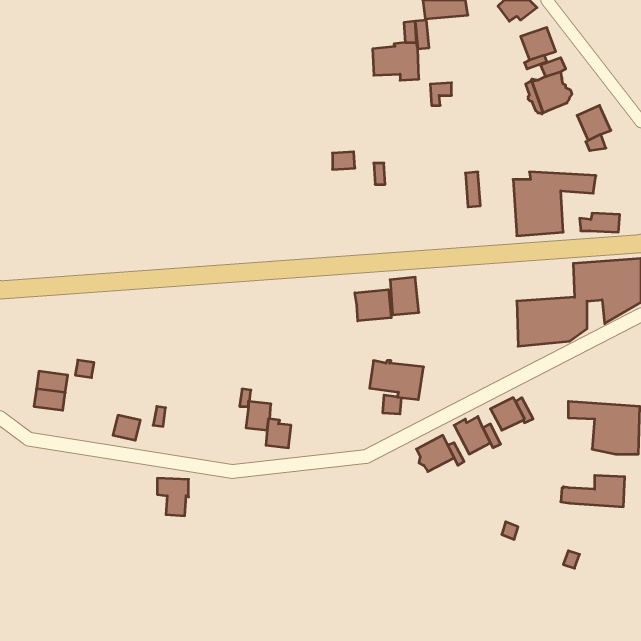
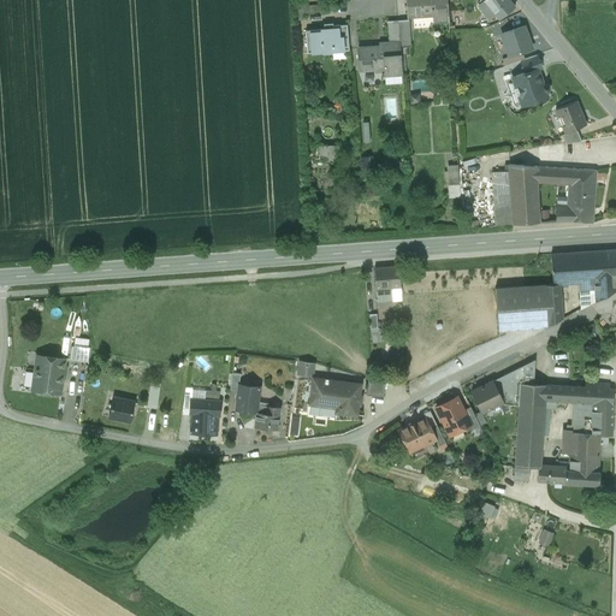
building: none -> [304,23,349,54]
building: none -> [568,168,597,206]
building: [355,290,391,321] -> none
building: [370,361,424,400] -> [309,378,361,415]
building: none -> [514,384,550,481]
building: none -> [562,431,609,457]
building: [157,478,189,516] -> [190,399,220,436]

